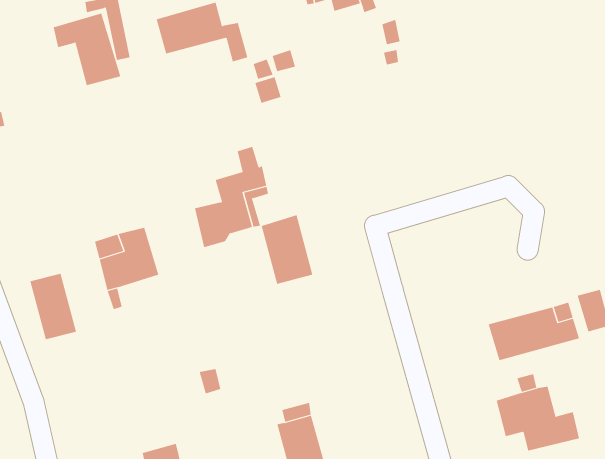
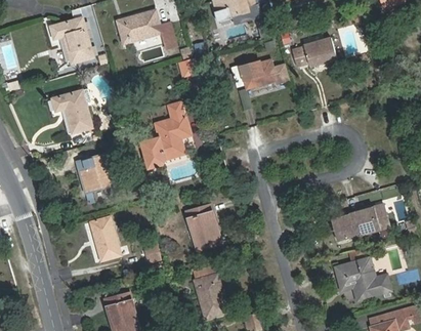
building: none -> [290,37,335,66]
building: none -> [230,59,288,88]
building: none -> [51,88,91,132]
building: [261,215,313,284] -> [185,204,219,249]
building: [29,273,77,340] -> [89,219,120,262]

